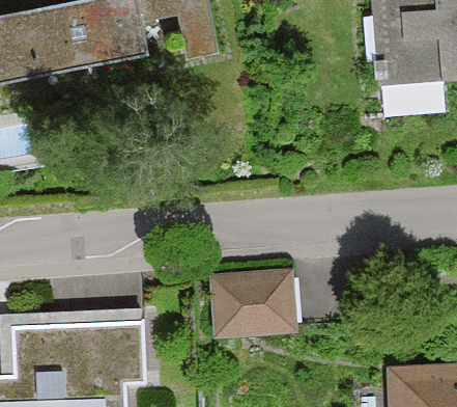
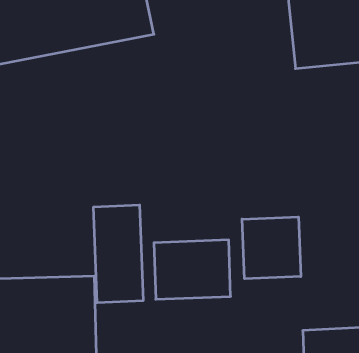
building: none -> [94,205,143,303]
building: none -> [242,217,301,279]

